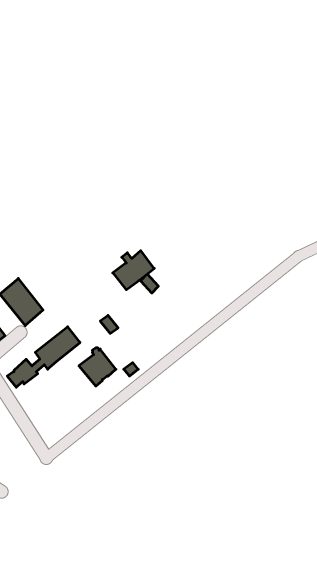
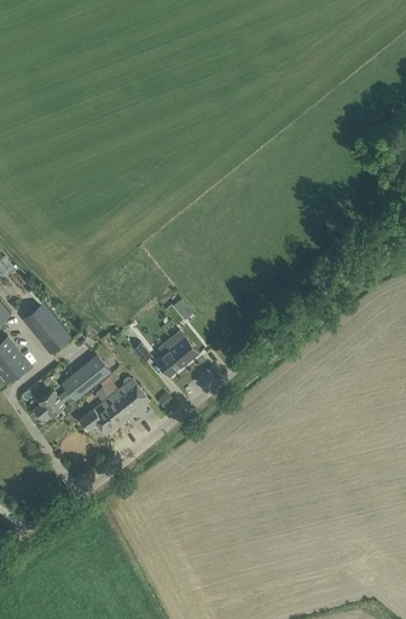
building: [113,251,154,290] -> [152,335,197,377]
building: none -> [76,397,126,436]

